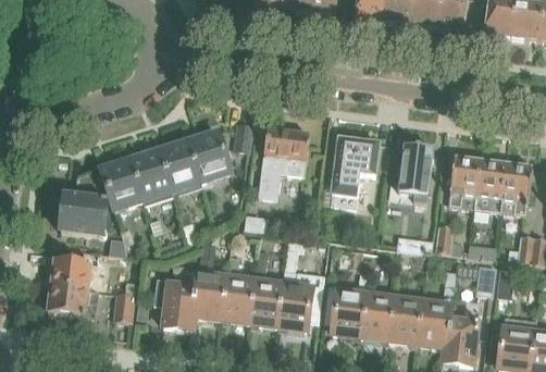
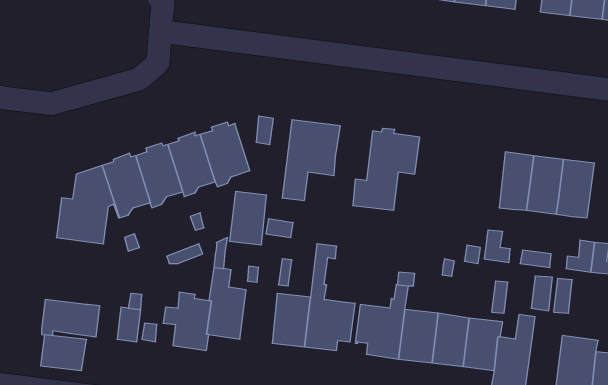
building: [397,146,434,204] -> none
building: [51,259,91,290] -> [41,335,87,371]
building: [222,277,255,324] -> [229,191,267,245]

